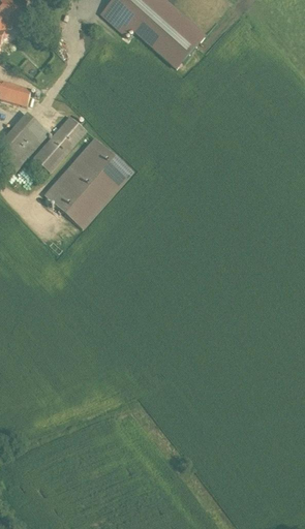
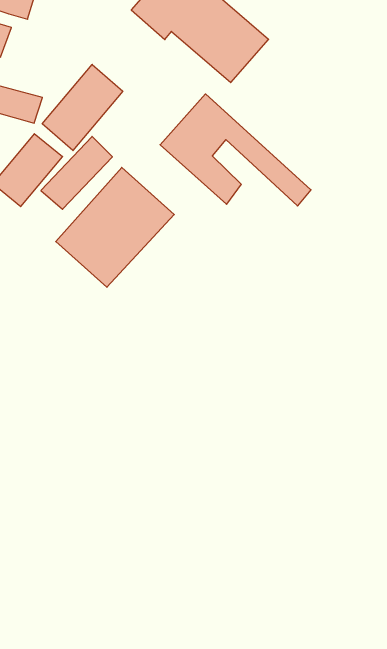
building: none -> [42,64,123,151]
building: none -> [160,94,311,206]

